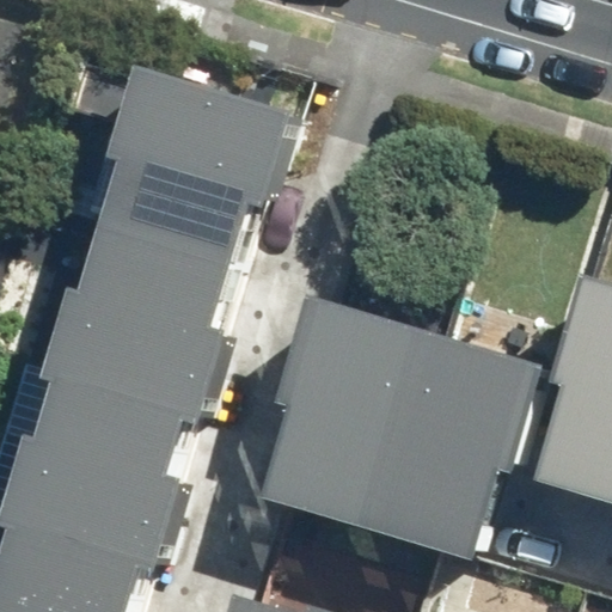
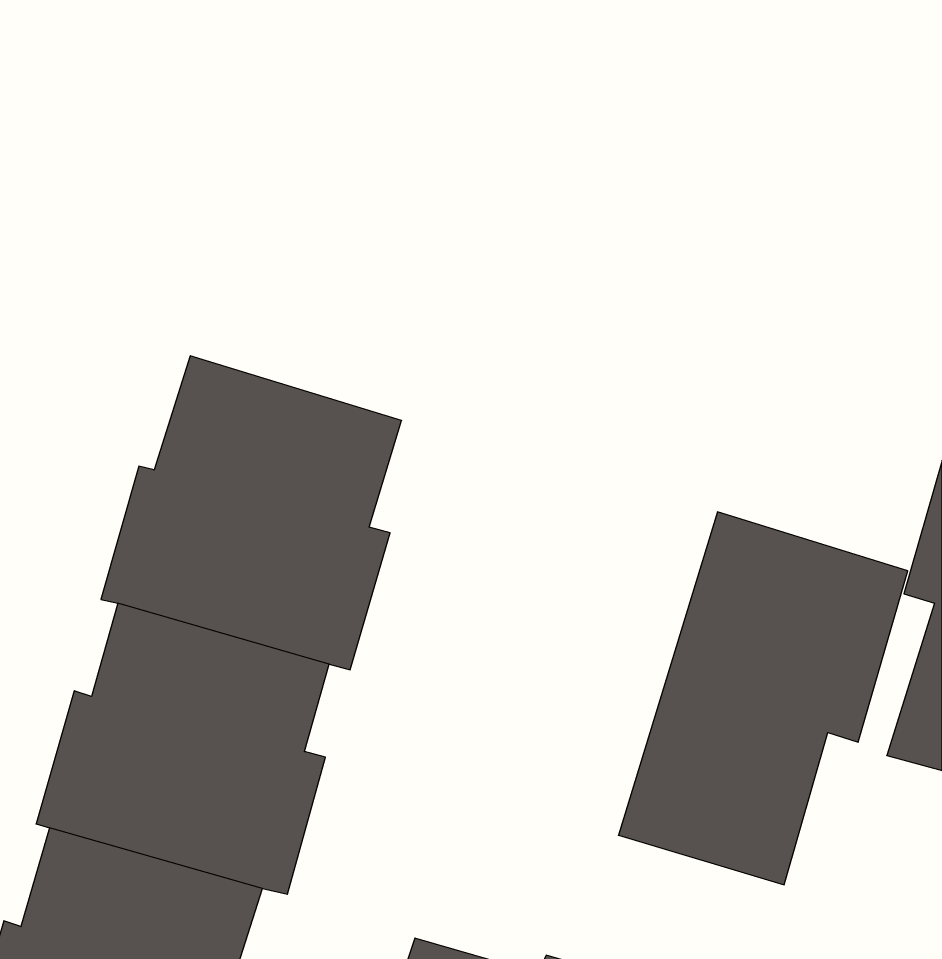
building: [120,73,311,273] -> none
building: [288,294,451,533] -> none

